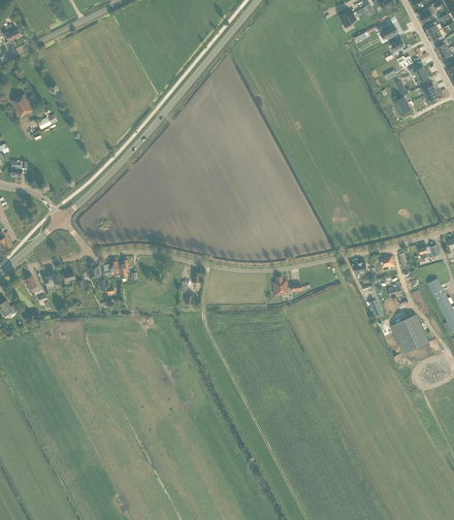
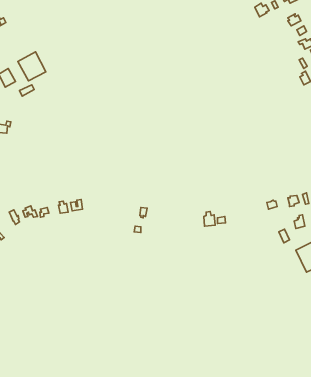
building: none -> [18,52,46,81]

